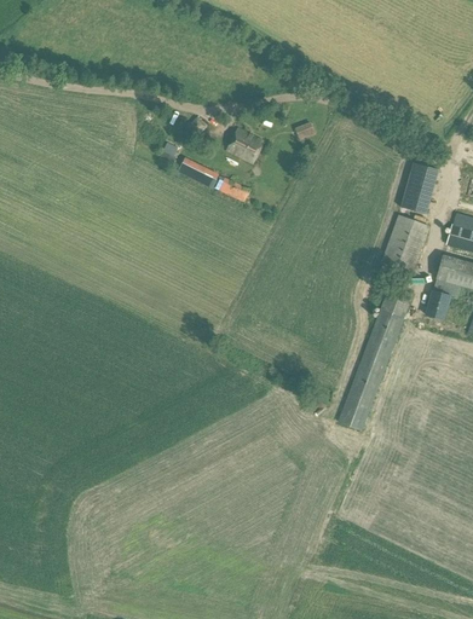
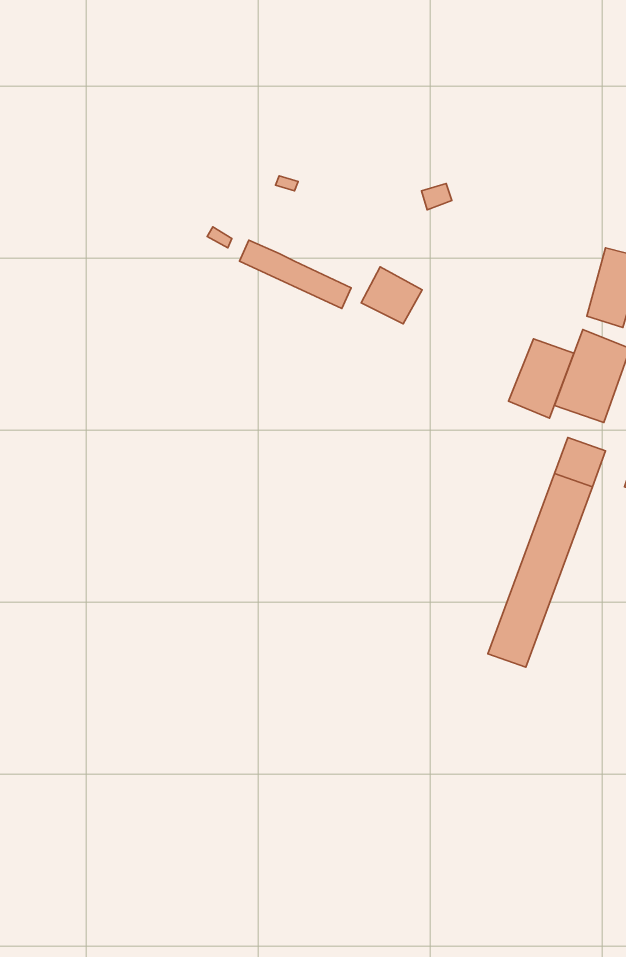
building: [227,126,266,162] -> [361,267,422,324]
building: none -> [509,339,574,418]

